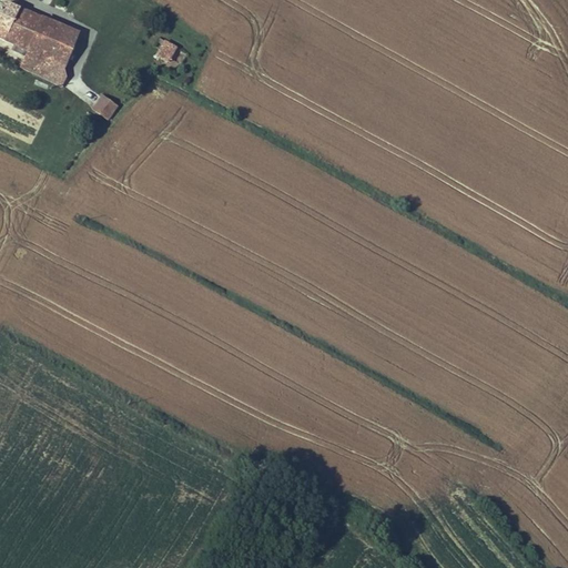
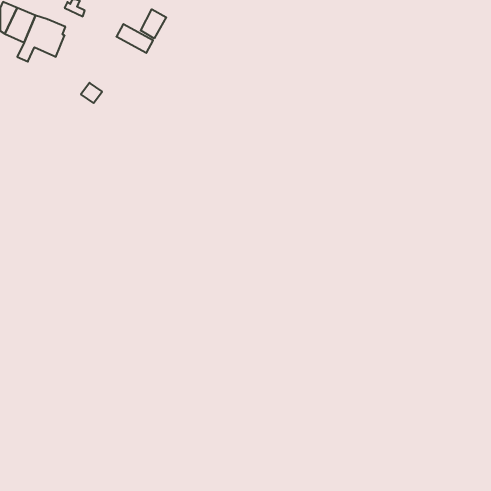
building: none -> [141,9,166,38]
building: [33,54,68,87] -> none

